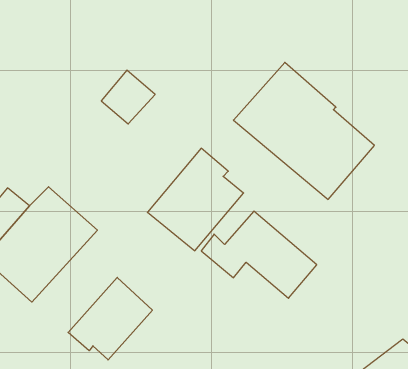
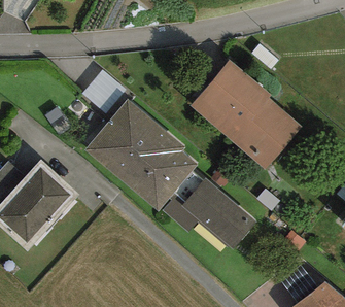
building: none -> [85,98,164,179]
building: [68,277,152,360] -> none

